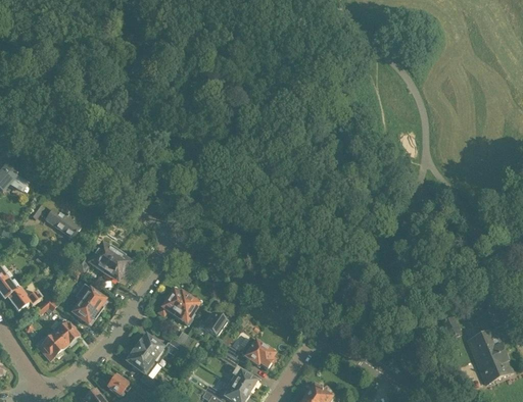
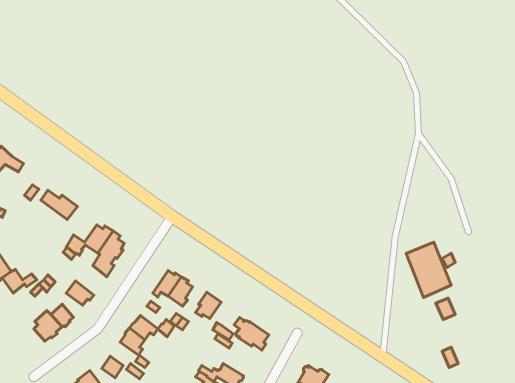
building: [76,283,106,313] -> none
building: [469,329,514,384] -> [406,242,451,297]
building: [229,367,256,394] -> none

